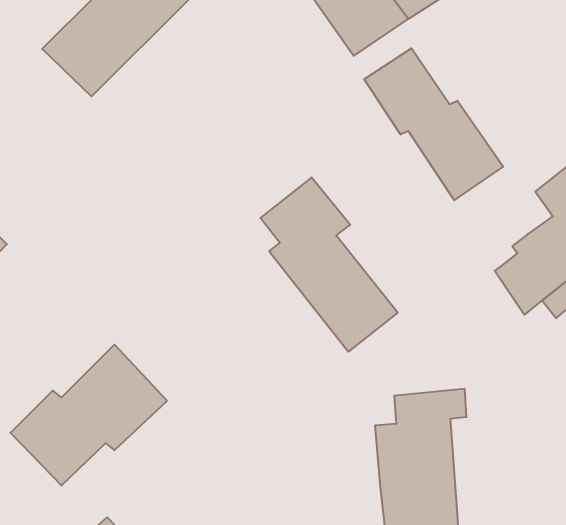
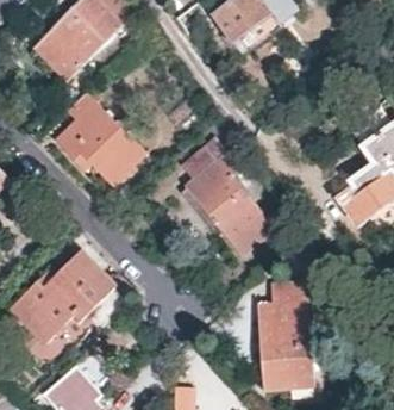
building: [364,48,503,200] -> none
building: none -> [54,88,143,185]

